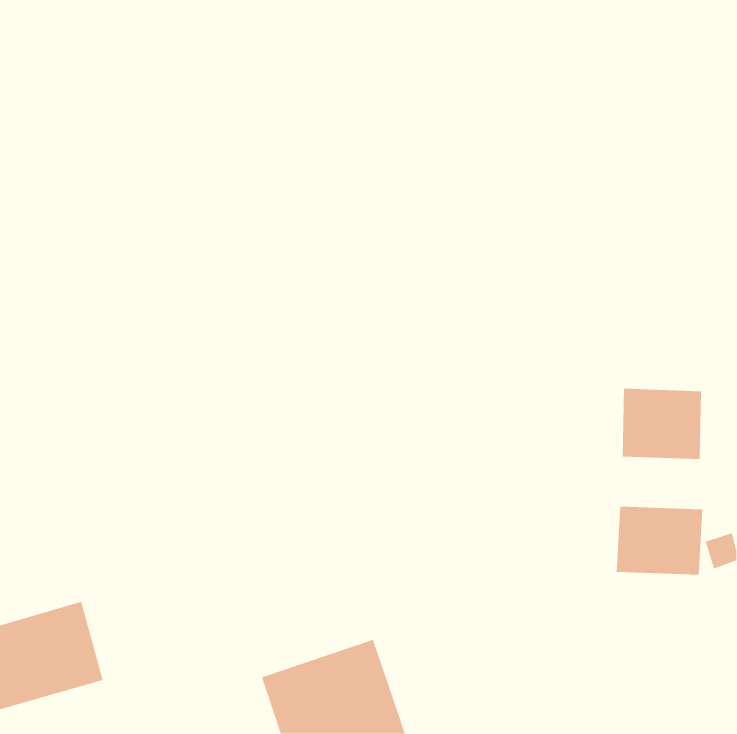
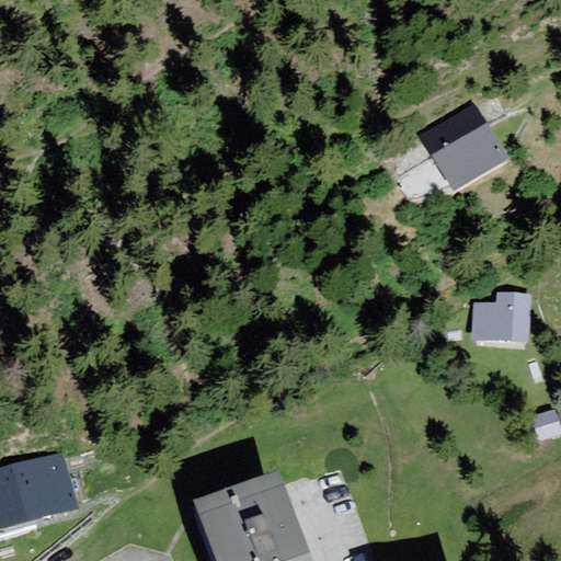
building: none -> [427,106,512,191]
building: [616,506,703,575] -> none

